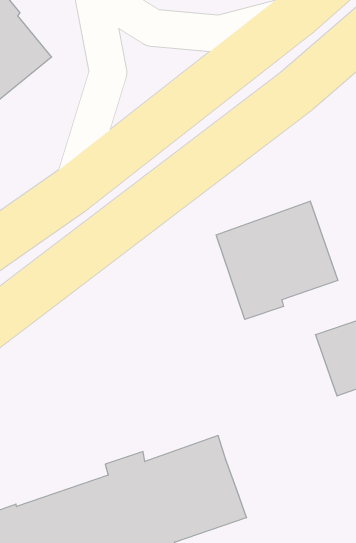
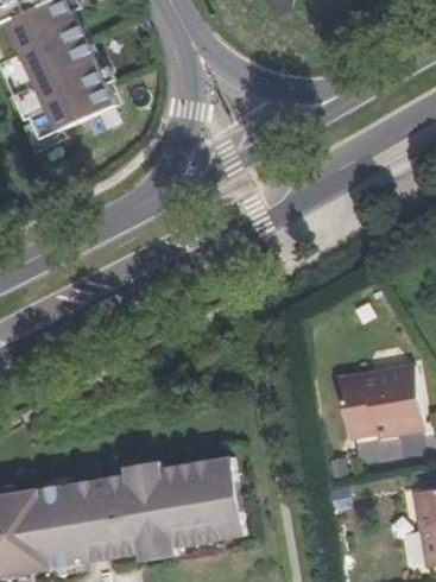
building: [216,201,338,319] -> none

